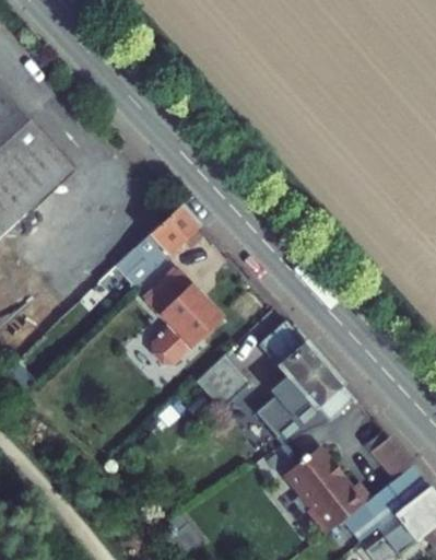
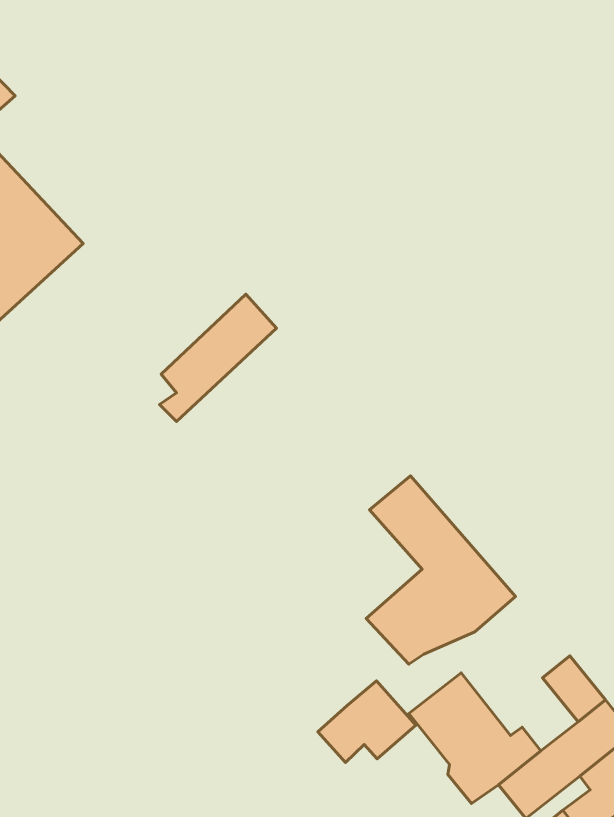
building: [143,268,223,364] -> none
building: [196,352,250,407] -> none
building: none -> [318,681,416,763]

